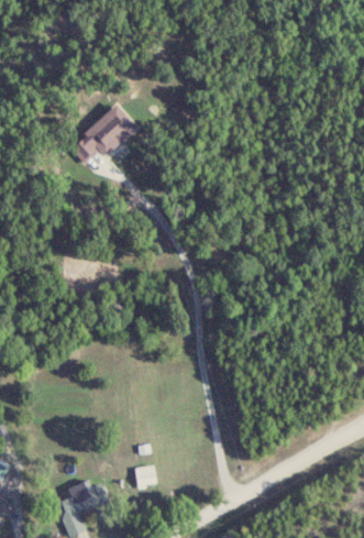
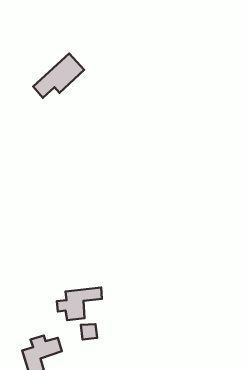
building: none -> [57,287,102,320]

